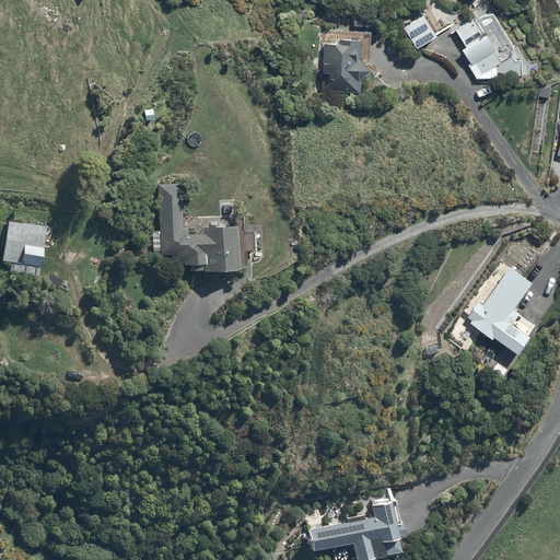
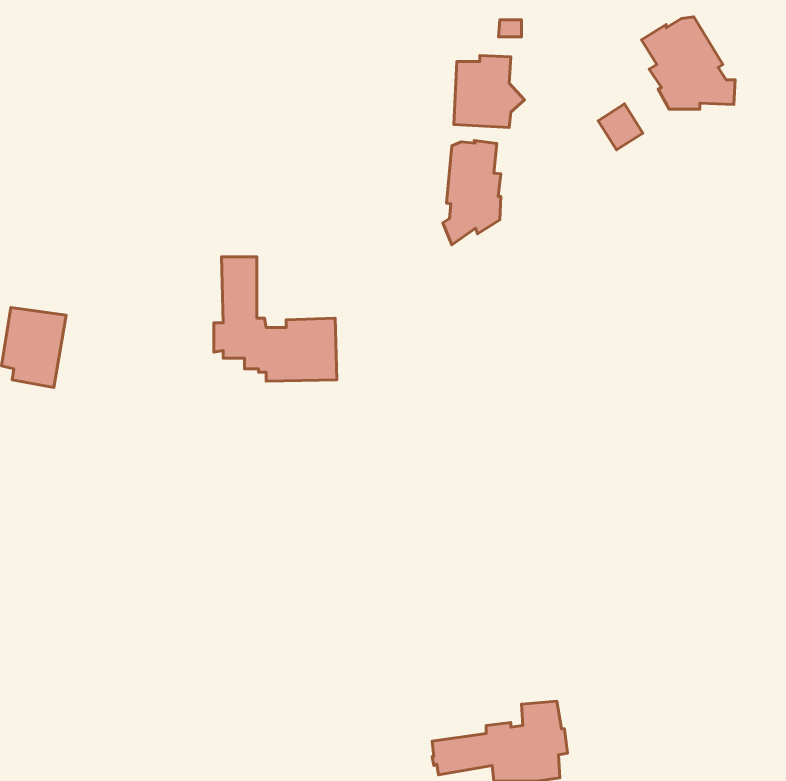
building: [405,15,436,48] -> [598,104,643,150]
building: none -> [443,140,501,245]
building: [468,265,536,355] -> none

